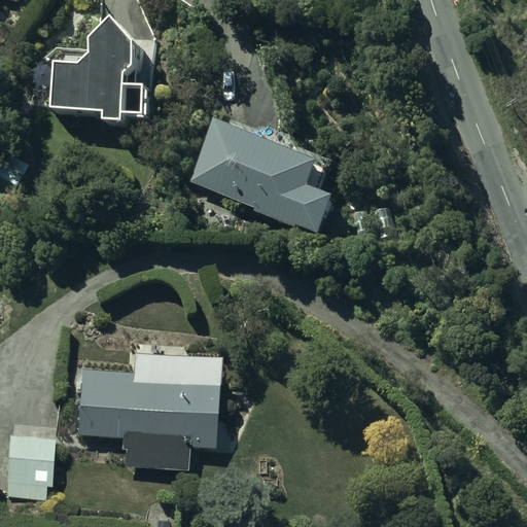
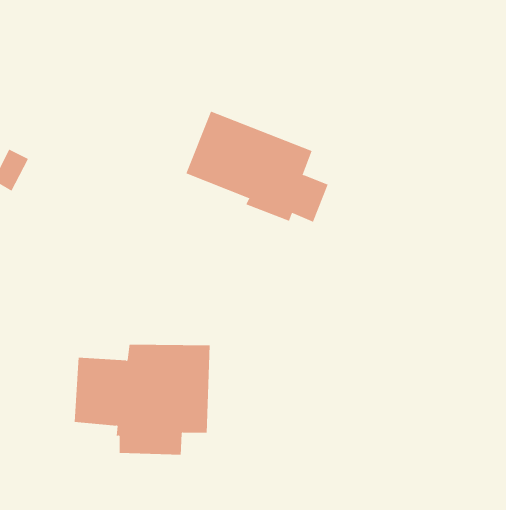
building: [58,19,151,124] -> none
building: [4,435,52,498] -> none

